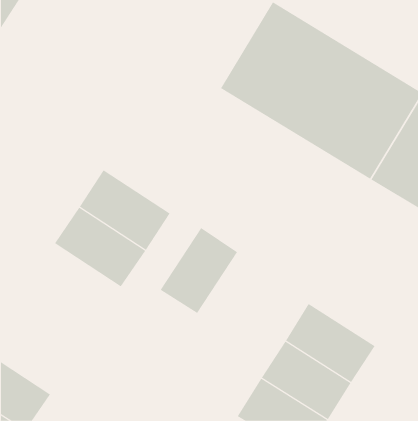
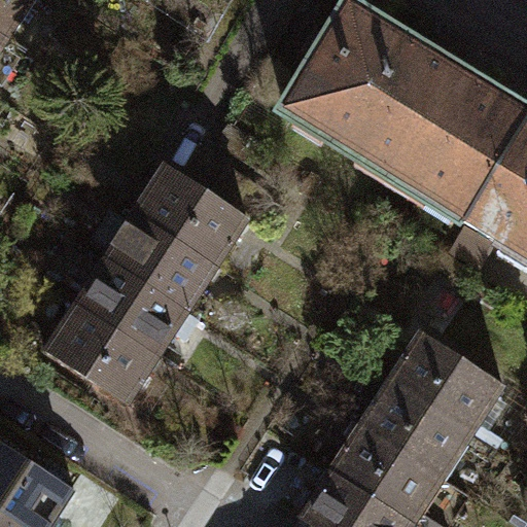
building: none -> [136,164,249,265]
building: [160,227,238,314] -> none
building: none -> [45,302,159,402]
building: none -> [390,330,503,429]

